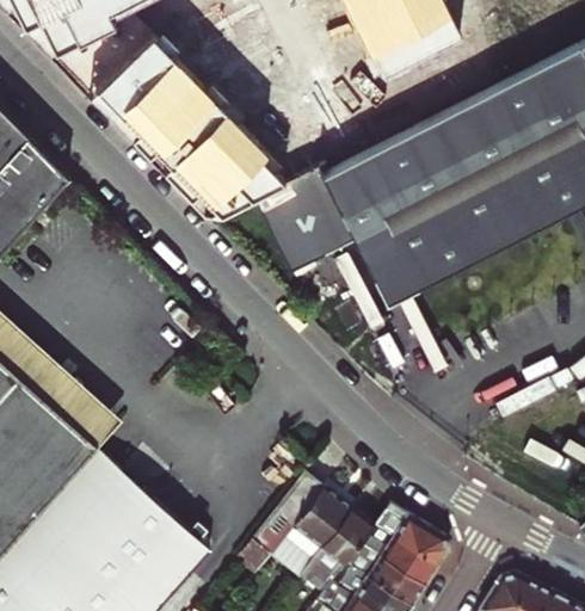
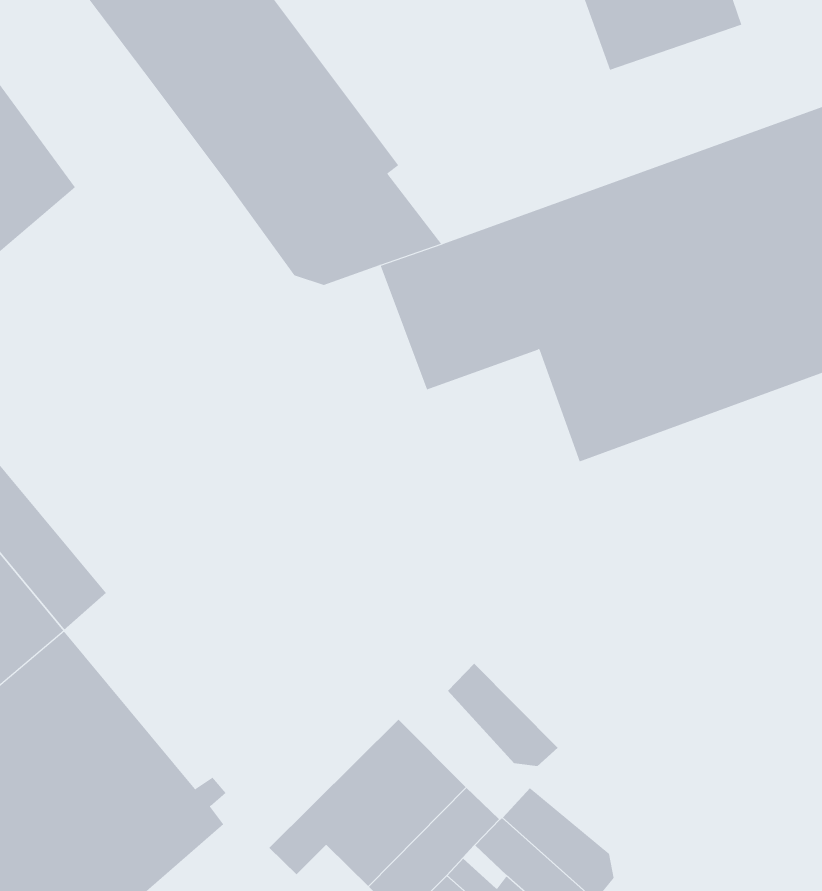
building: none -> [447,663,559,767]

